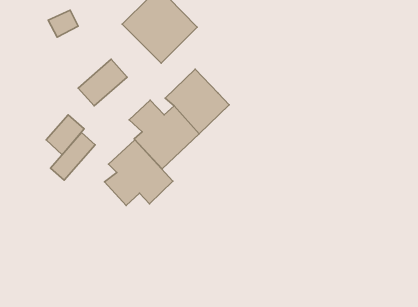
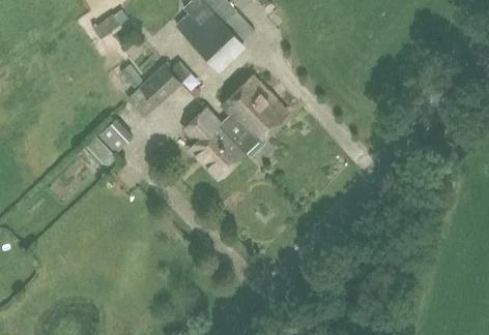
building: [50,133,95,180] -> none
building: [105,140,173,205] -> none

